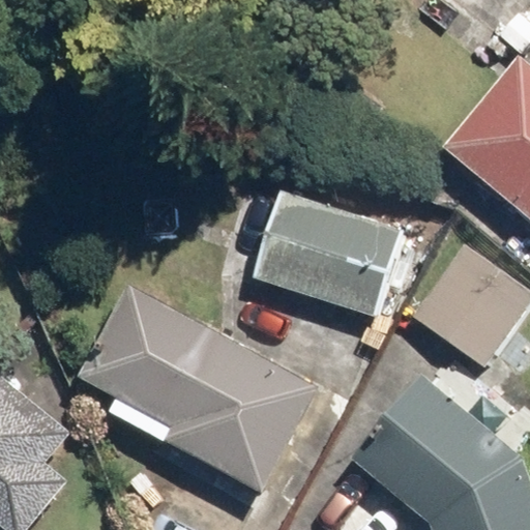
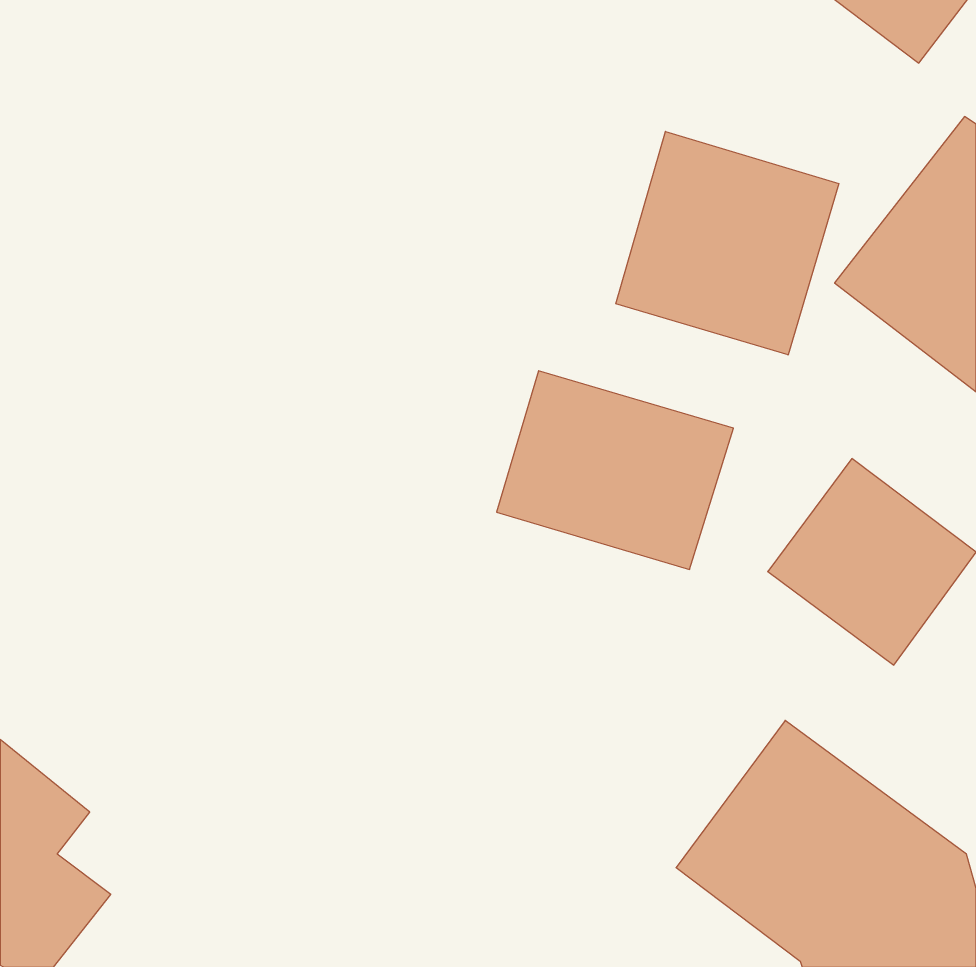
building: none -> [616,131,839,355]
building: [90,301,307,469] -> none

